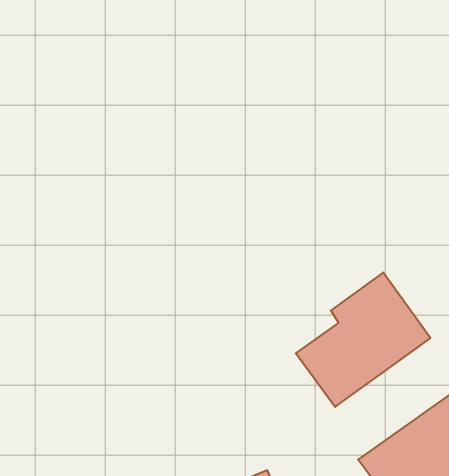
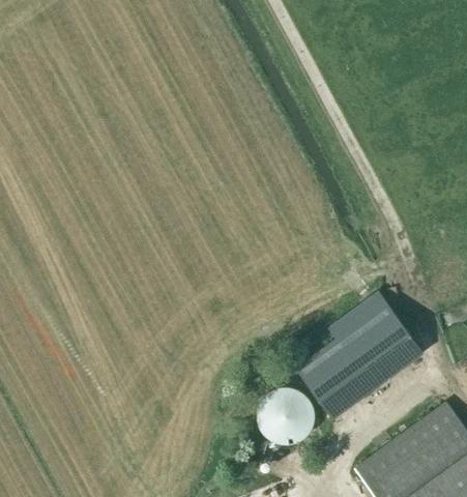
building: none -> [257,387,314,445]

